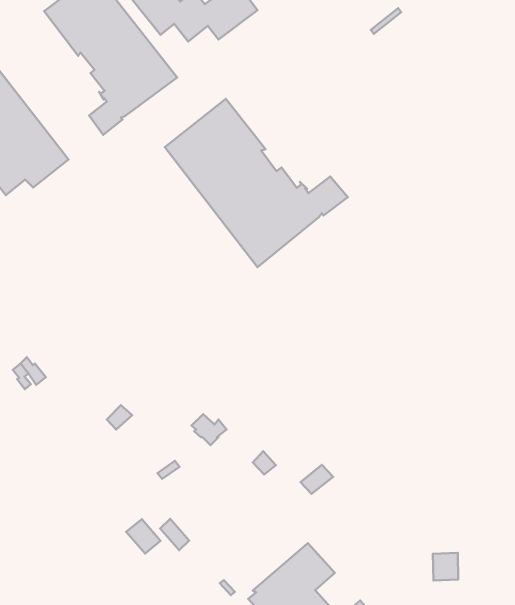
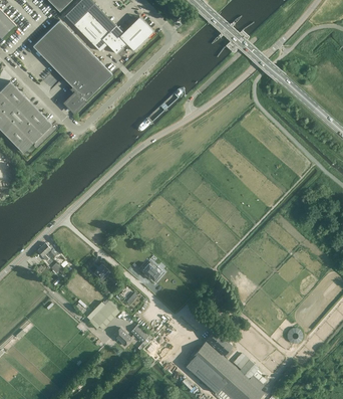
building: [165,99,348,267] -> none
building: none -> [90,298,118,329]

